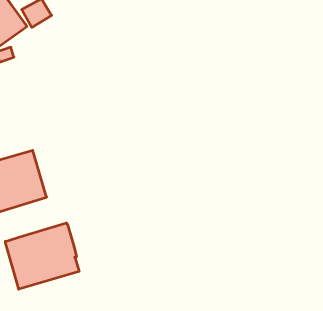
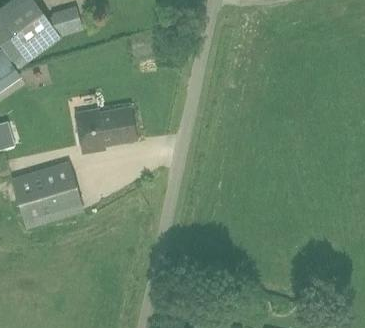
building: none -> [75,107,135,151]
building: [5,223,79,289] -> none

